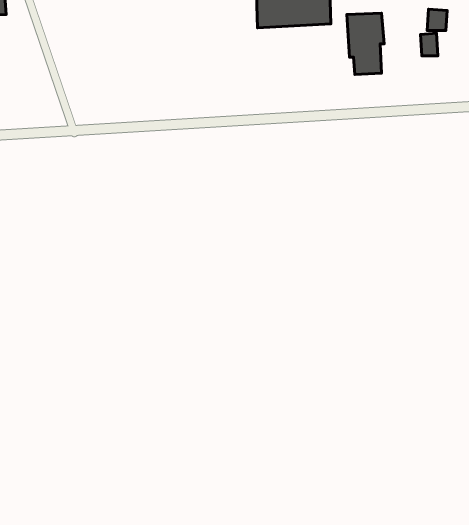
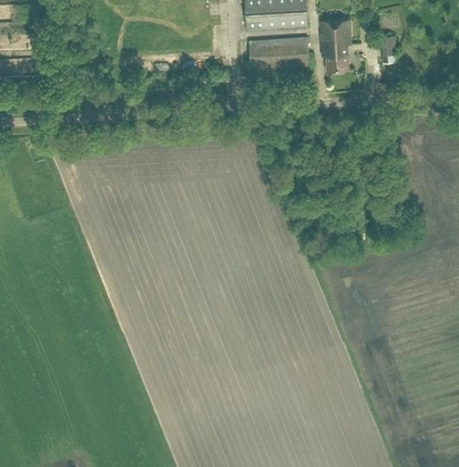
building: none -> [247,38,308,71]

